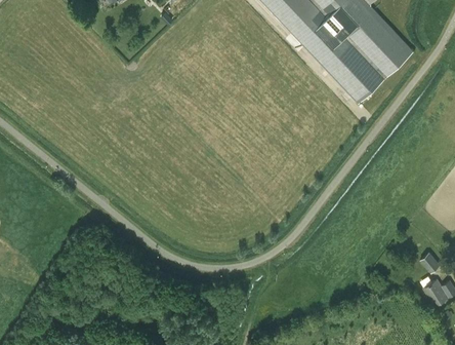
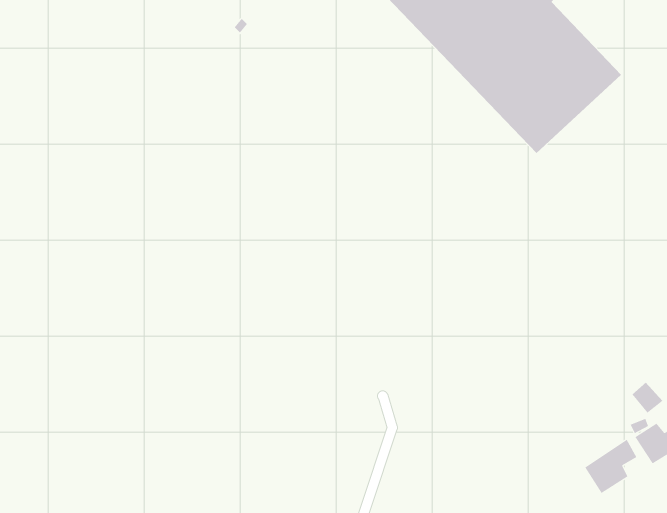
building: none -> [584,439,637,494]

